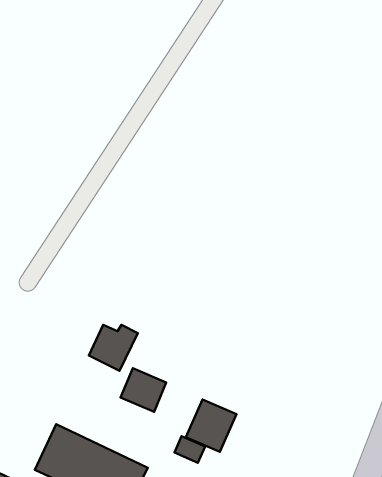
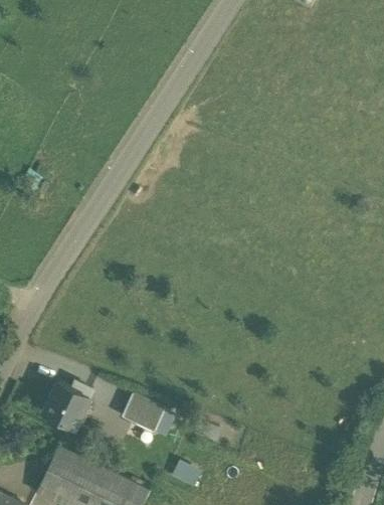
building: [89,325,138,371] -> [44,384,92,430]
building: [186,399,237,452] -> none

